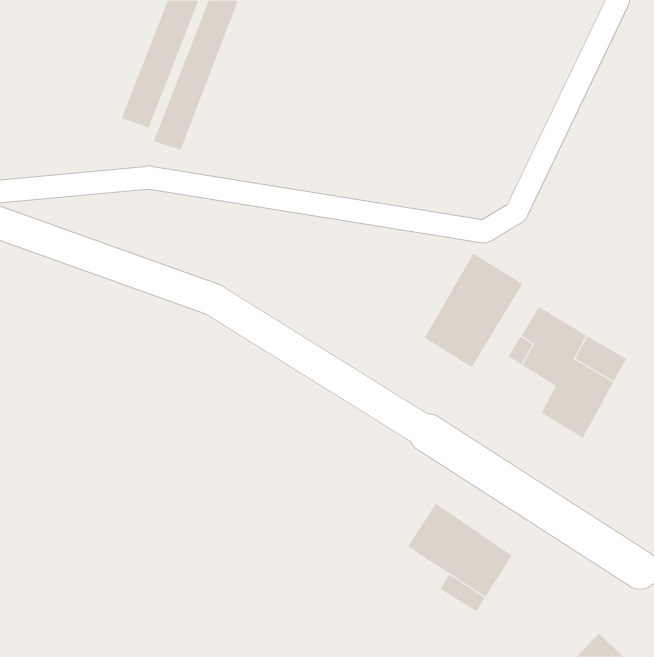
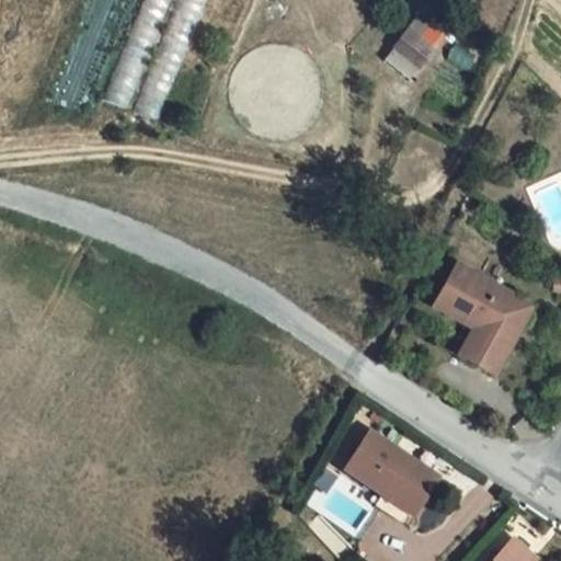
building: none -> [381,12,445,80]
building: [424,253,523,368] -> none

